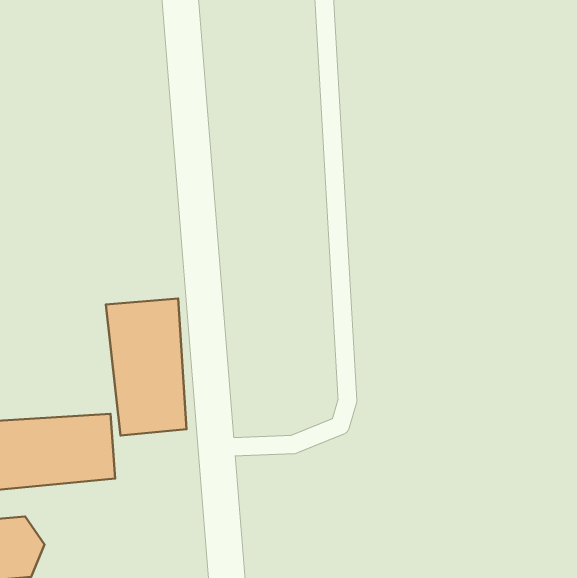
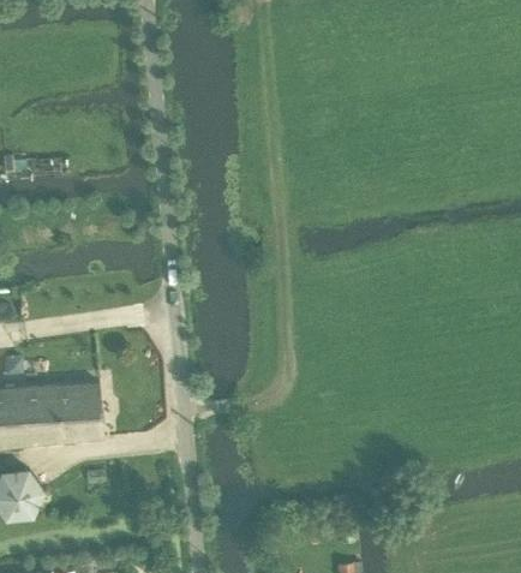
building: [106,298,187,435] -> none

